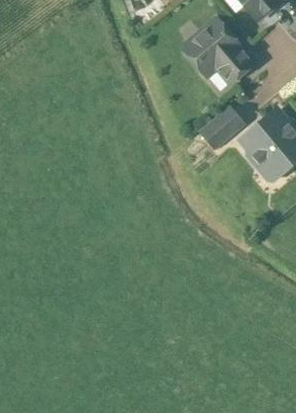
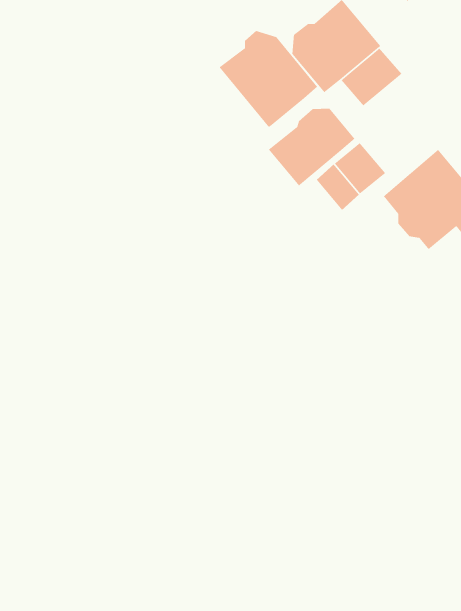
building: none -> [218,30,318,128]
building: none -> [268,108,355,186]

